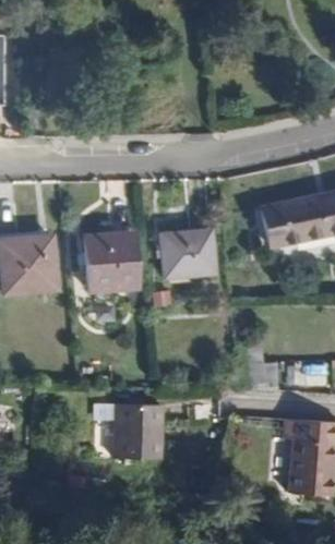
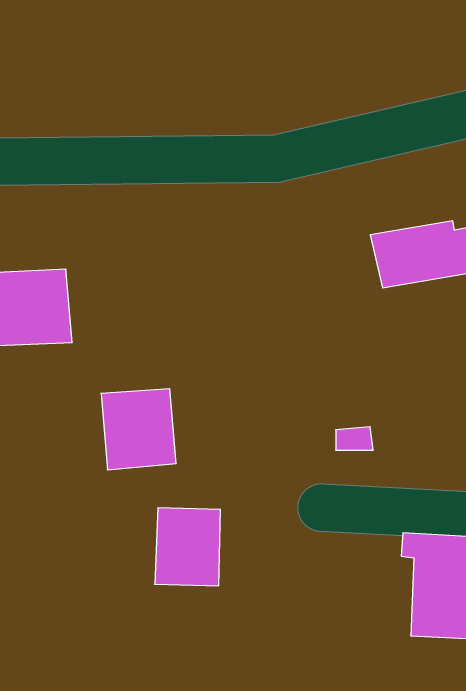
building: [156,229,214,278] -> none
building: [82,235,134,292] -> [101,389,176,470]

